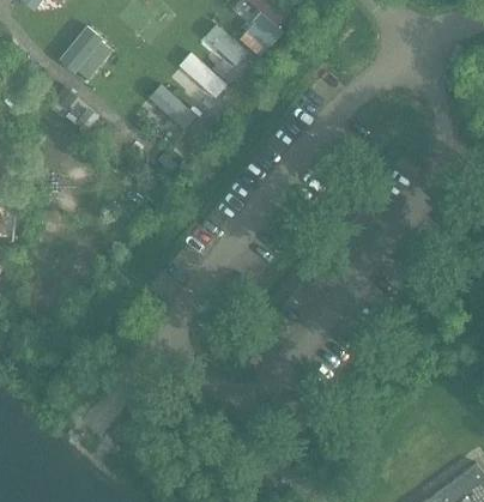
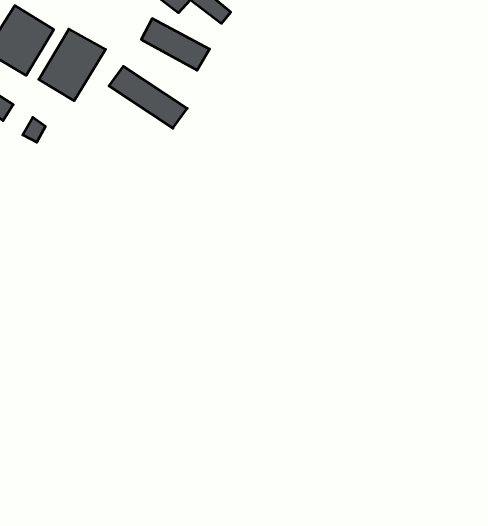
building: none -> [39,29,106,101]

